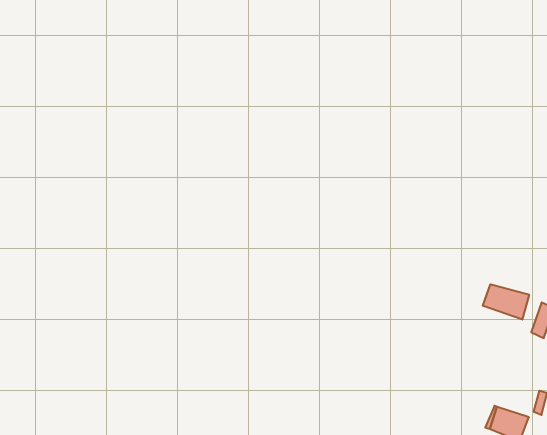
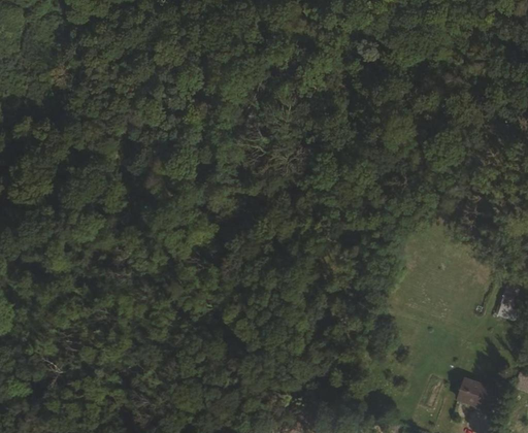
building: [483,284,529,320] -> none

